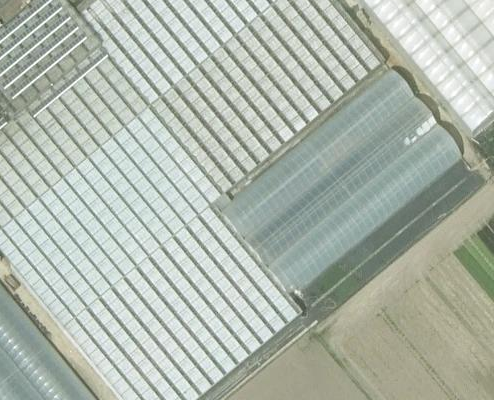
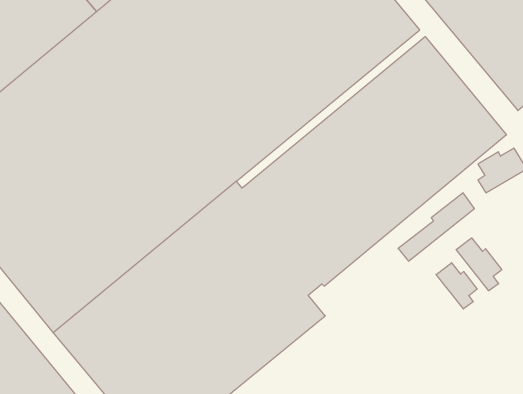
building: none -> [456,238,502,291]
building: none -> [436,263,477,309]

